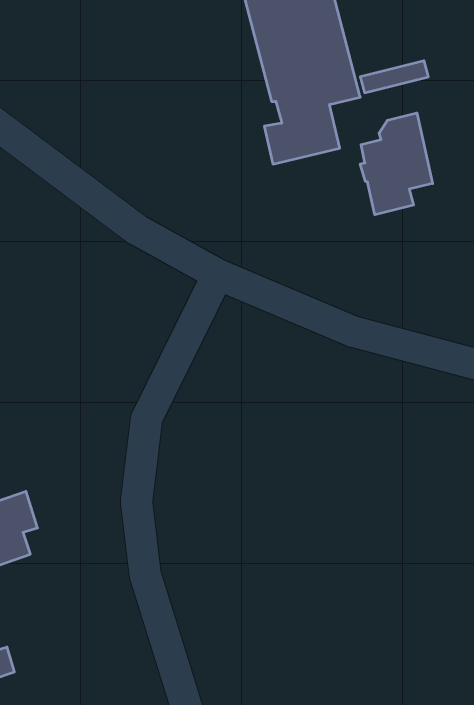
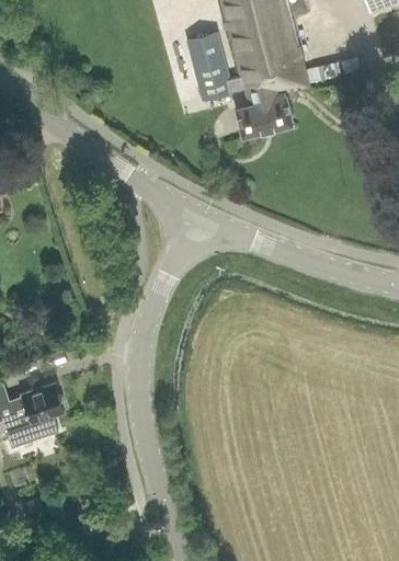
building: none -> [186,33,231,100]
building: [360,113,433,215] -> none

